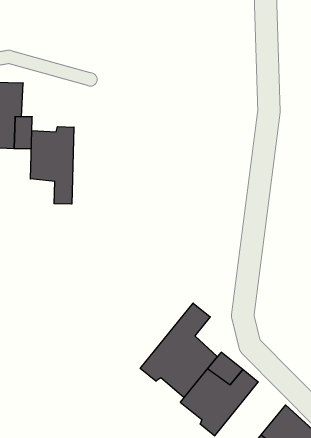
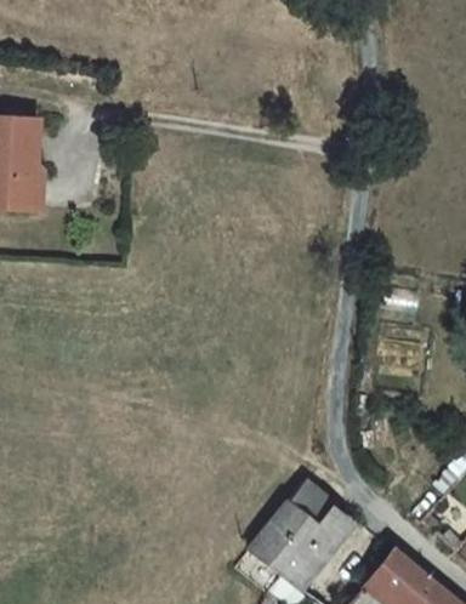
building: [30,127,74,204] -> none
building: [140,303,217,397] -> none

